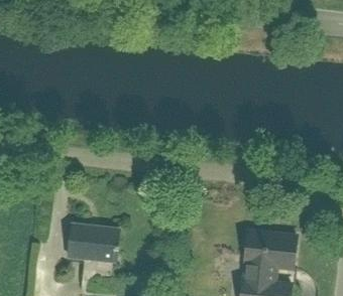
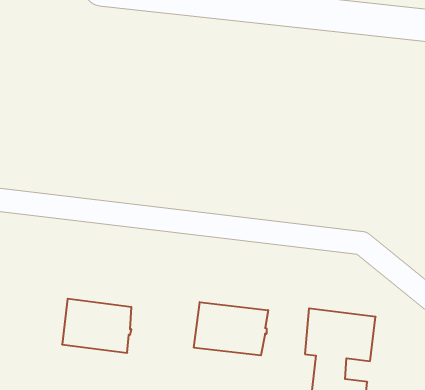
building: none -> [194,302,268,355]

